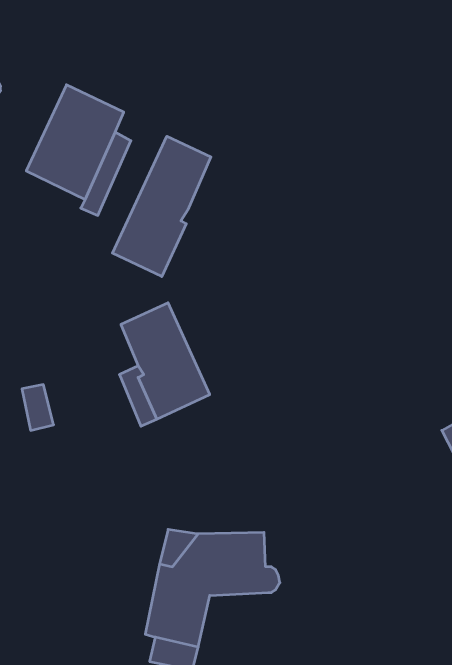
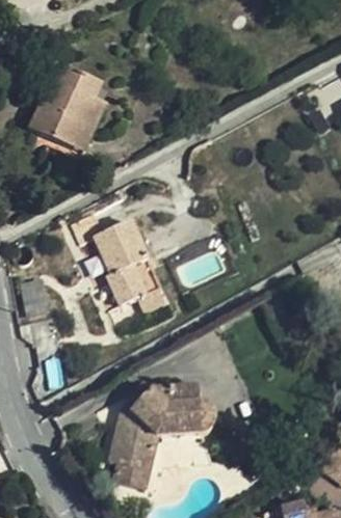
building: [112,136,211,277] -> none

